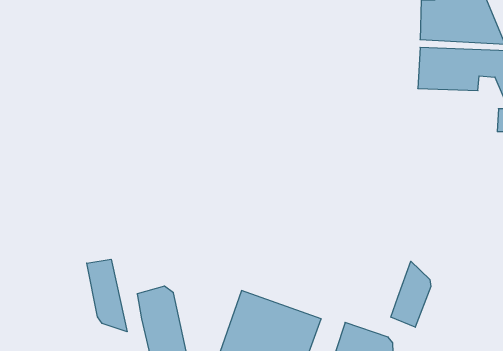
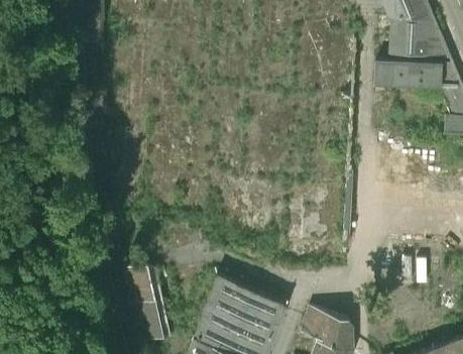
building: [87,259,127,332] -> none
building: [391,261,431,327] -> none

